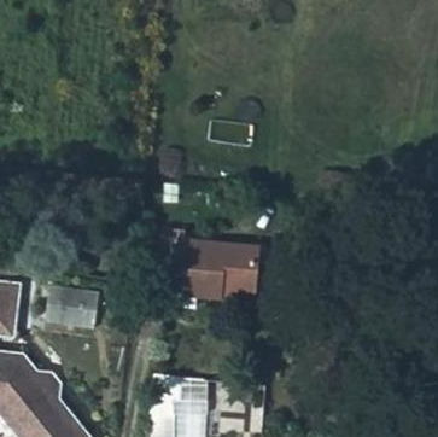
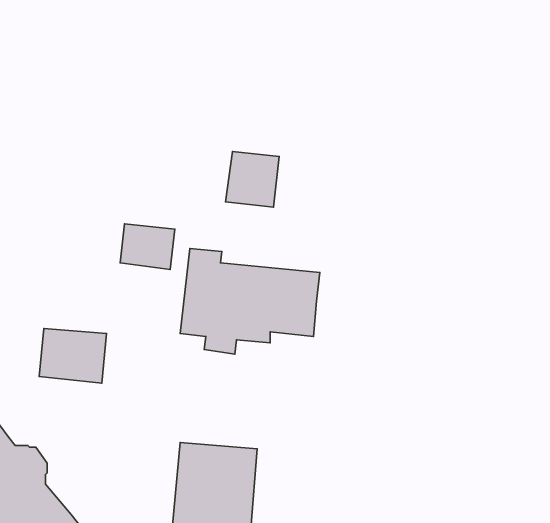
building: none -> [226,151,279,207]
building: none -> [120,224,175,270]

